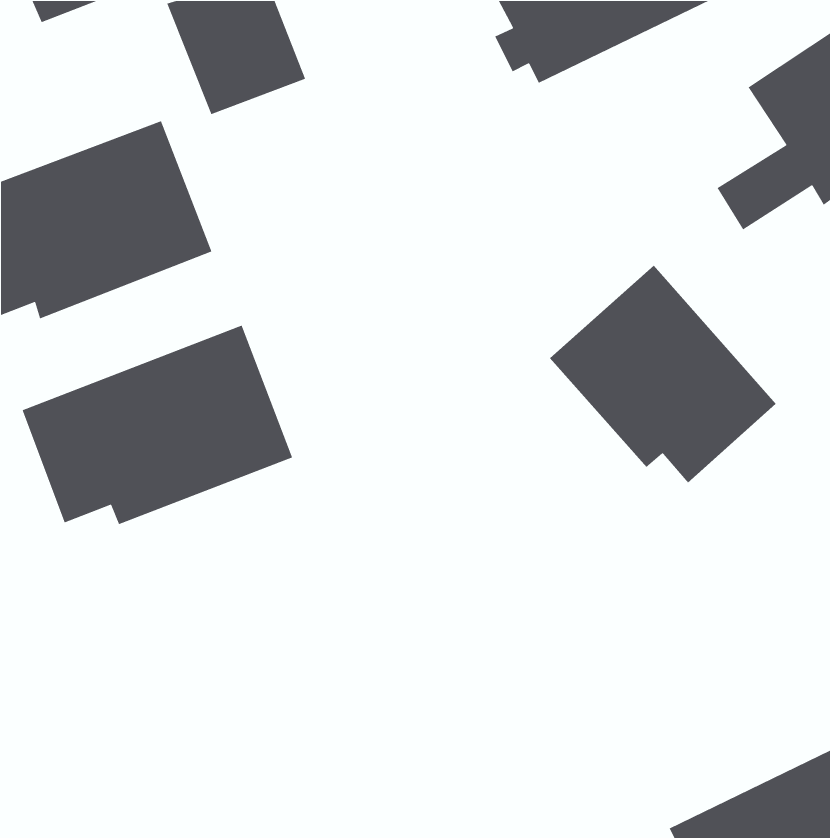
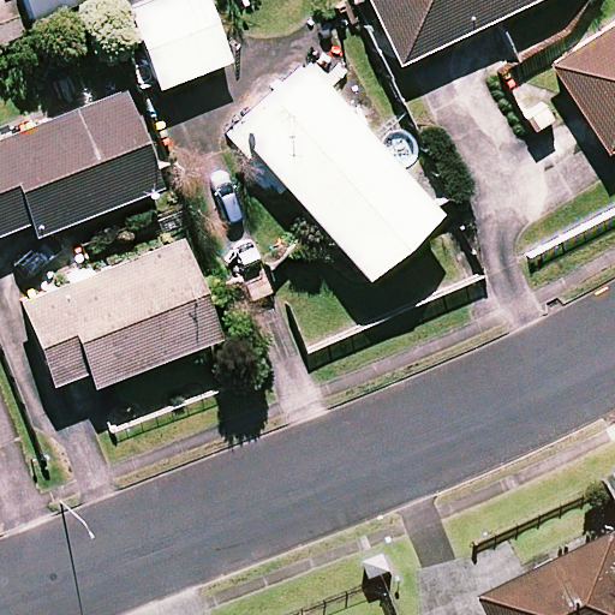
building: none -> [237,52,440,275]
building: [549,265,777,484] -> none

